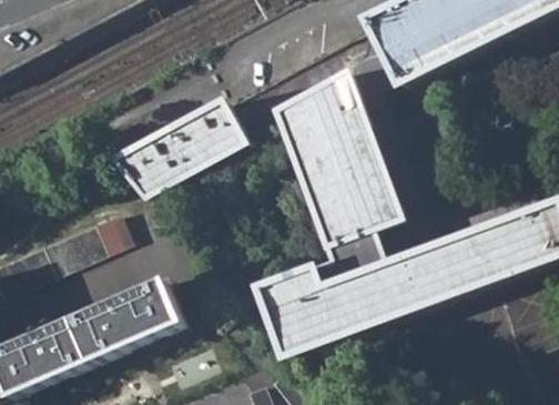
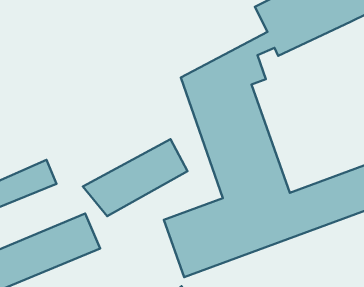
building: [115,100,245,195] -> [83,139,188,216]

